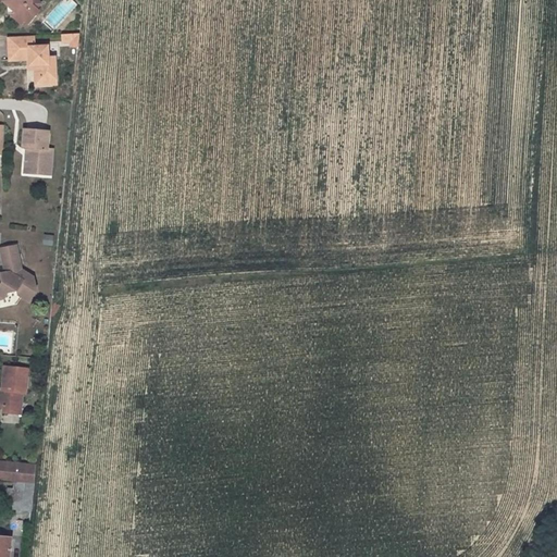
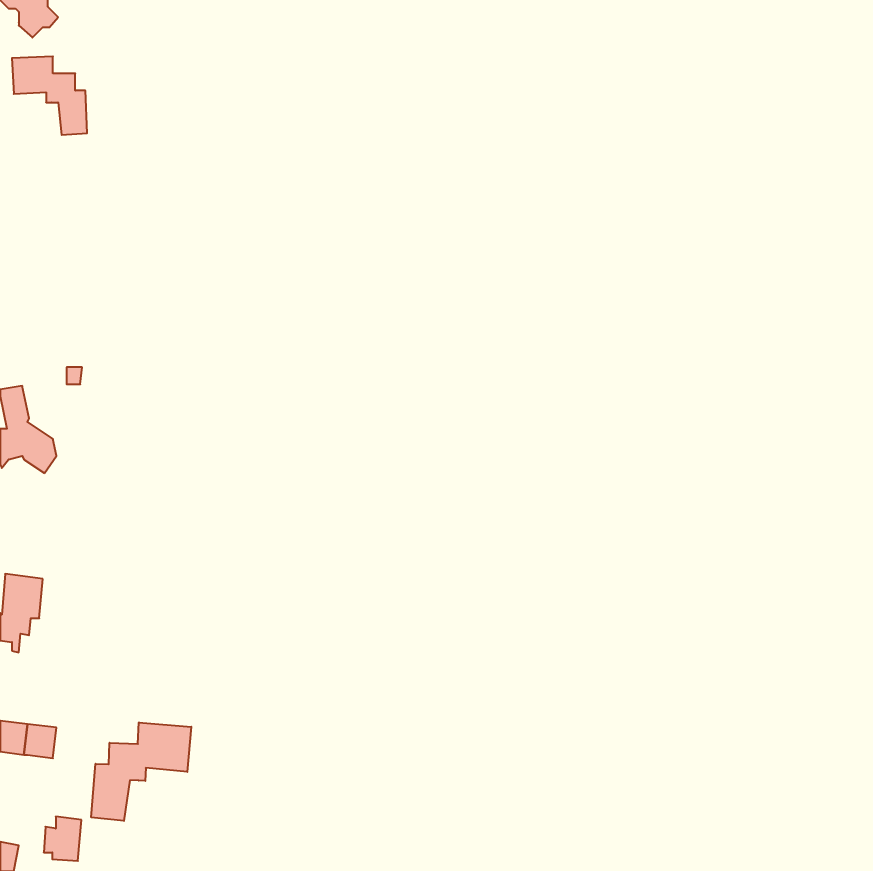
building: [20,129,51,174] -> none
building: none -> [91,722,191,821]
building: [10,481,34,509] -> [44,817,81,861]

